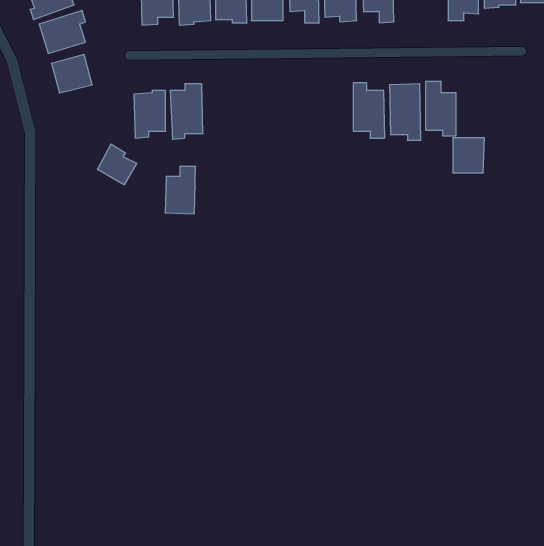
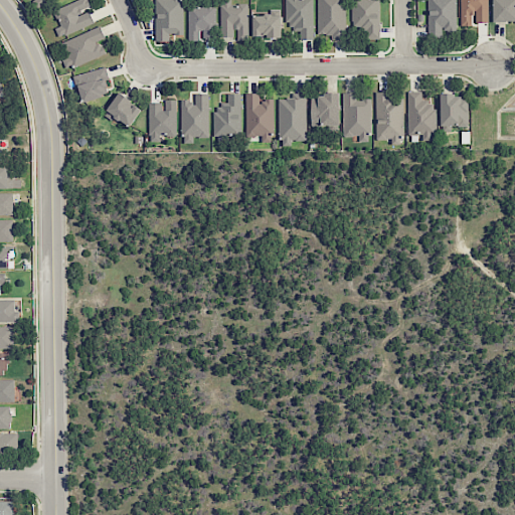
building: none -> [245,94,274,142]
building: none -> [279,94,306,146]
building: none -> [311,95,339,126]
building: [453,138,484,173] -> [441,96,469,127]
building: [97,144,137,185] -> [106,92,141,128]
building: [165,166,196,214] -> [214,94,241,136]

